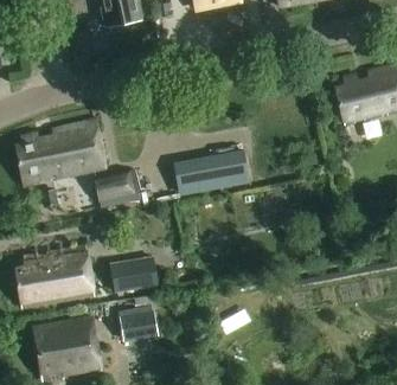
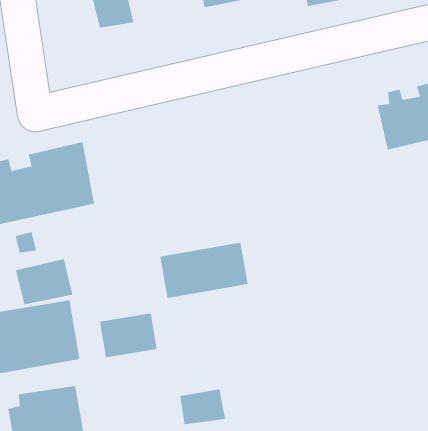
building: [174,148,246,194] -> [160,242,248,299]
building: [94,168,141,206] -> [15,259,73,305]
building: [119,310,156,340] -> [179,389,226,425]

